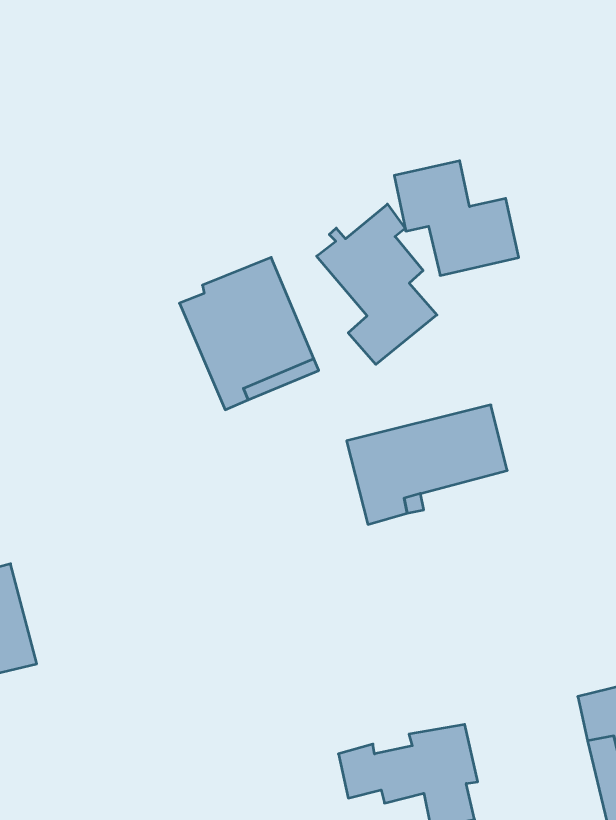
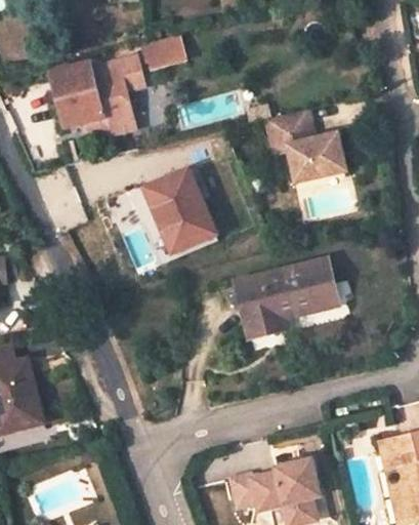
building: none -> [141,36,187,69]
building: none -> [51,57,145,135]
building: [317,204,437,364] -> none

